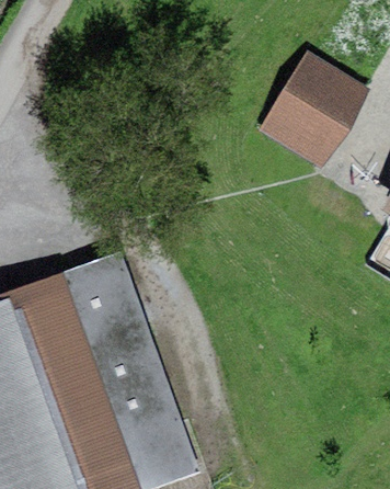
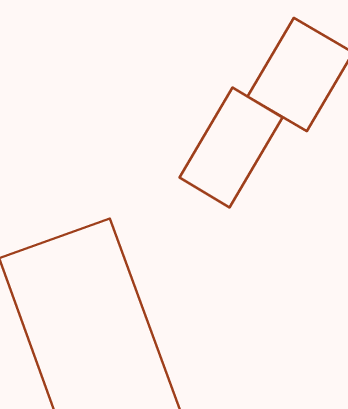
building: none -> [179,88,282,208]

